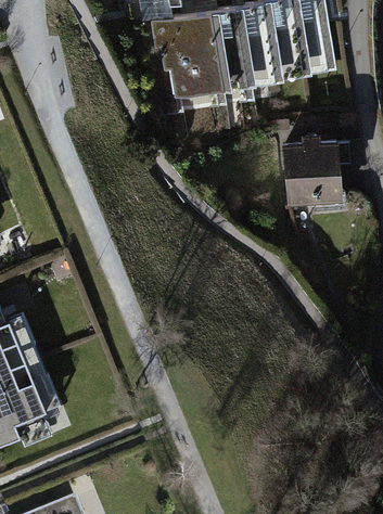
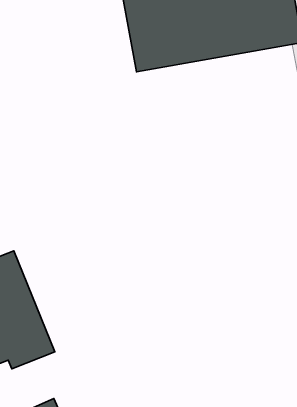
building: [278,137,341,195] -> none

